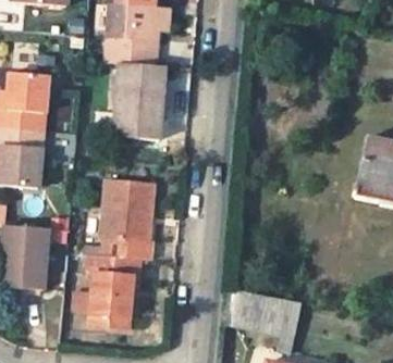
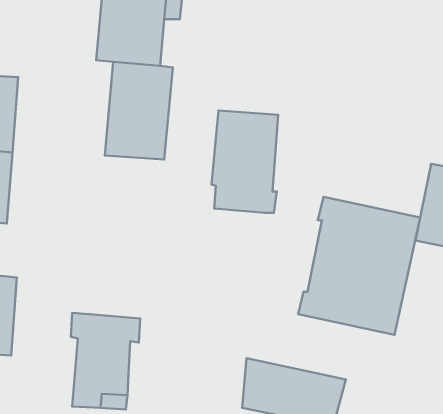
building: none -> [298,197,420,335]
building: [101,179,152,258] -> [211,111,278,213]

